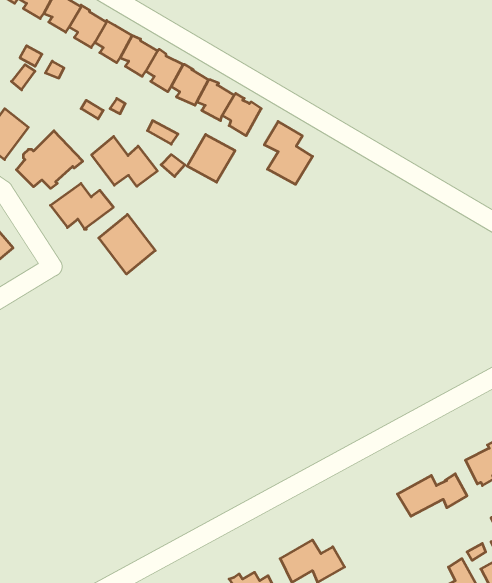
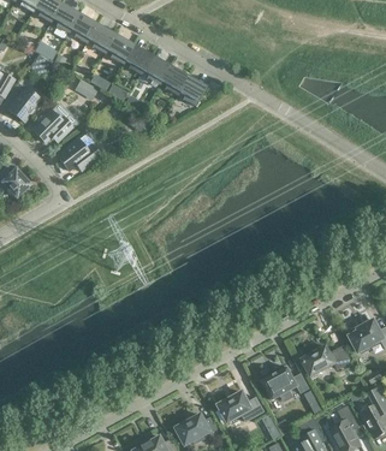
building: [264,121,313,184] -> none
building: [187,134,235,182] -> none
building: [92,136,157,186] -> none
building: [99,214,155,274] -> none
building: none -> [262,366,309,400]

